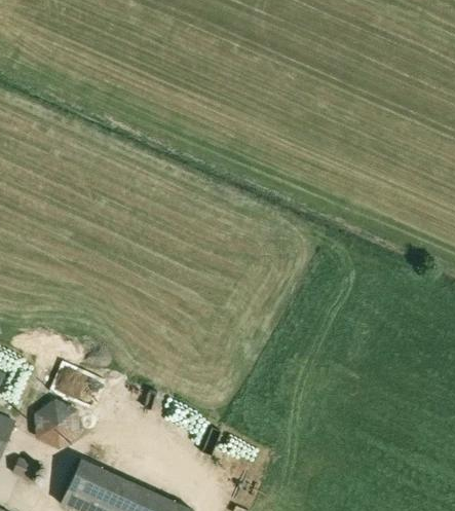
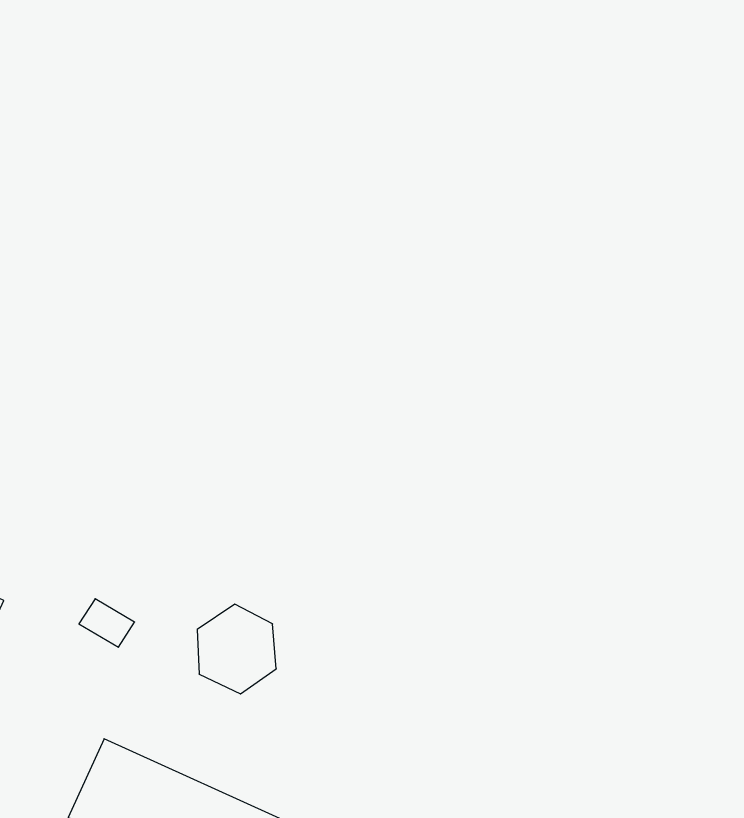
building: [34,398,79,449] -> [197,604,276,694]

